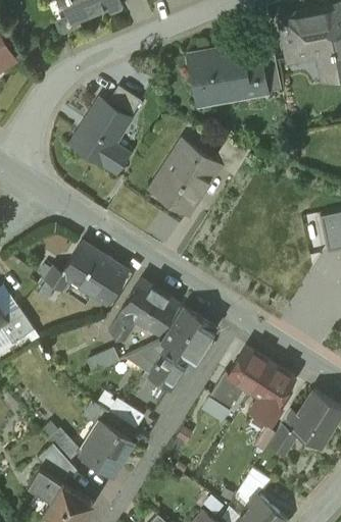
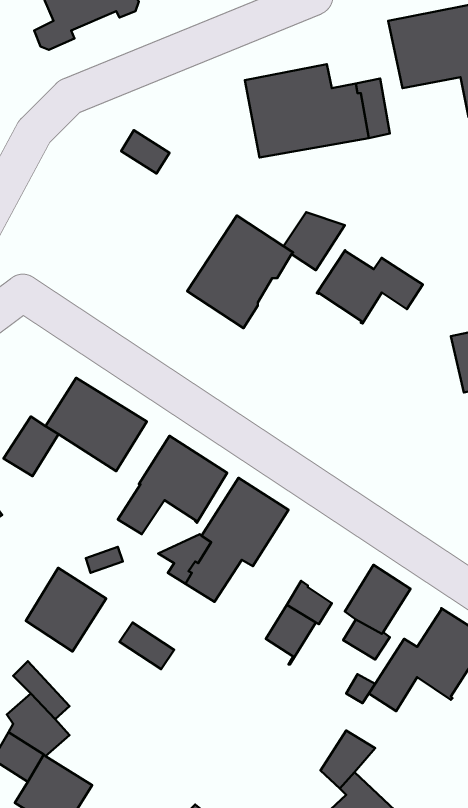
building: [70,100,129,172] -> none
building: none -> [317,250,423,323]
building: [228,349,270,393] -> none
building: [80,421,131,474] -> [26,568,106,652]

